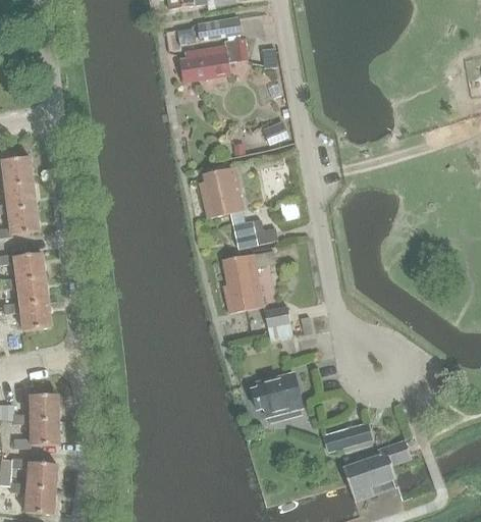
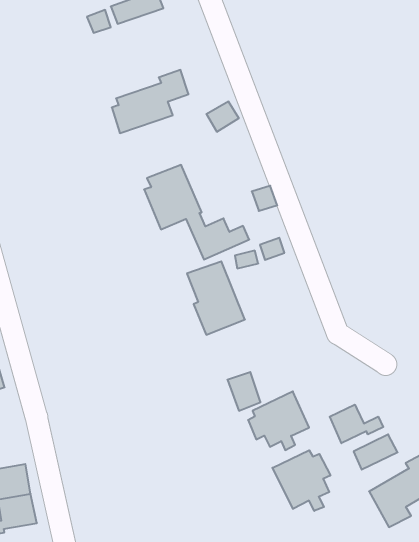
building: [180,37,247,81] -> [112,70,189,133]
building: [265,307,289,337] -> [227,372,261,411]
building: none -> [330,405,383,443]
building: none -> [272,450,330,511]

